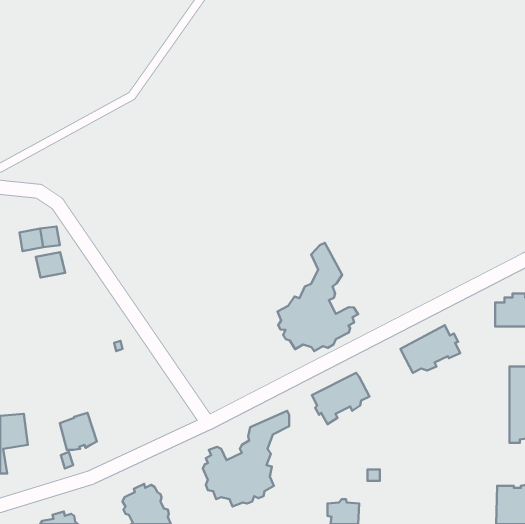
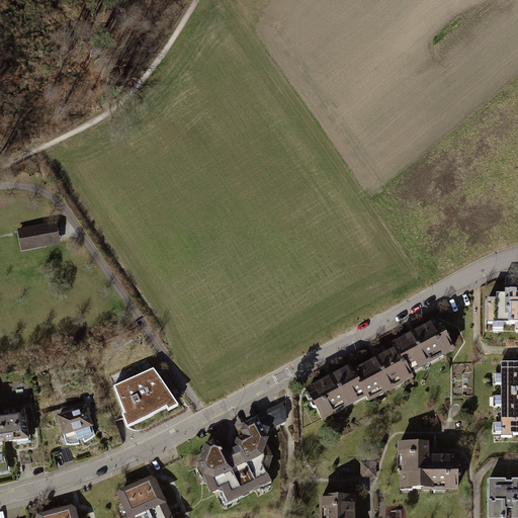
building: [278,243,358,351] -> none
building: [36,252,65,278] -> none
building: none -> [354,347,412,396]
building: none -> [113,367,169,422]
building: none -> [399,438,457,488]

